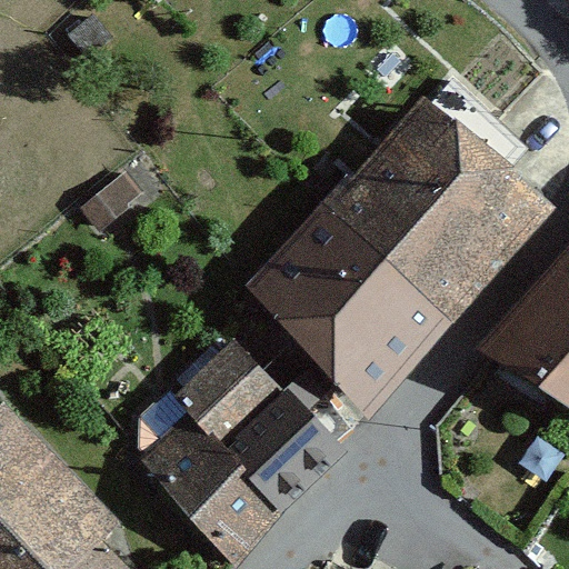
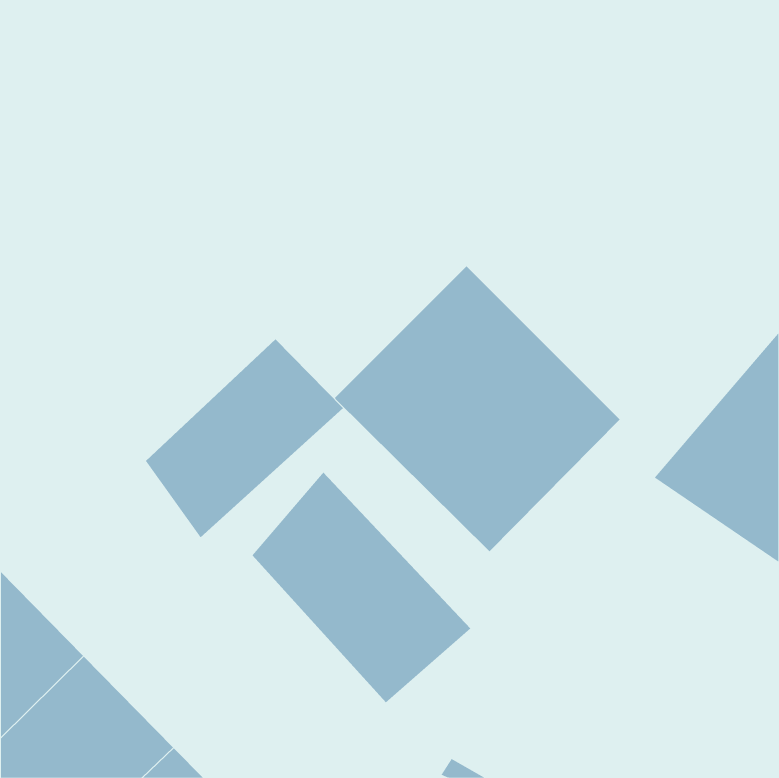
building: [340,98,549,306] -> none
building: none -> [145,338,344,538]
building: [138,405,281,556] -> none

